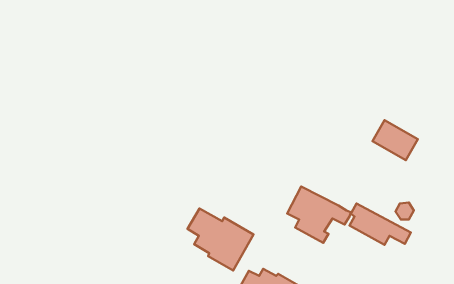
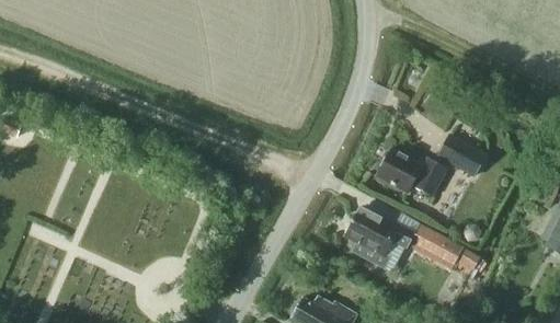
building: none -> [376,149,447,197]
building: [188,208,253,271] -> none

